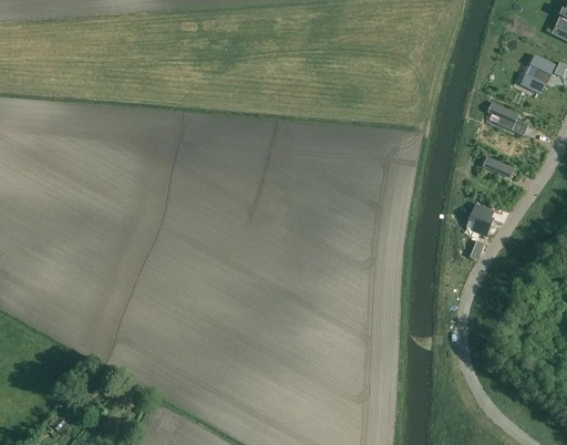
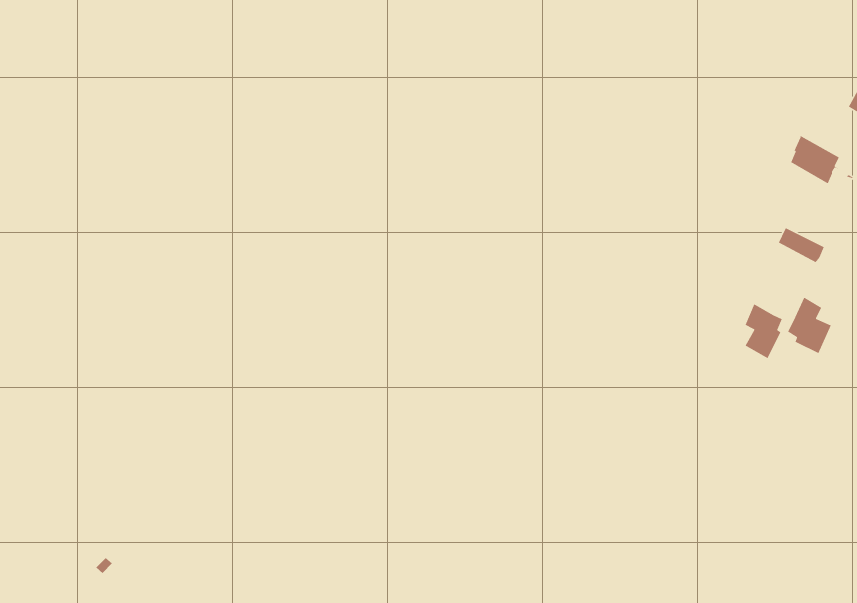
building: none -> [787,297,832,354]

